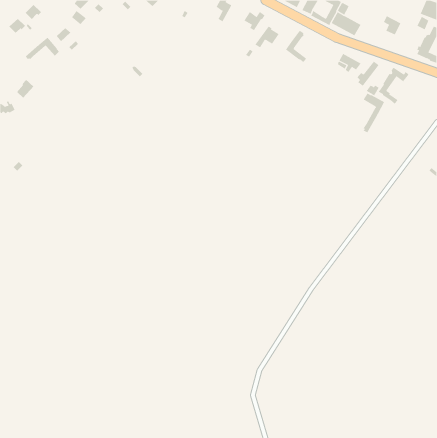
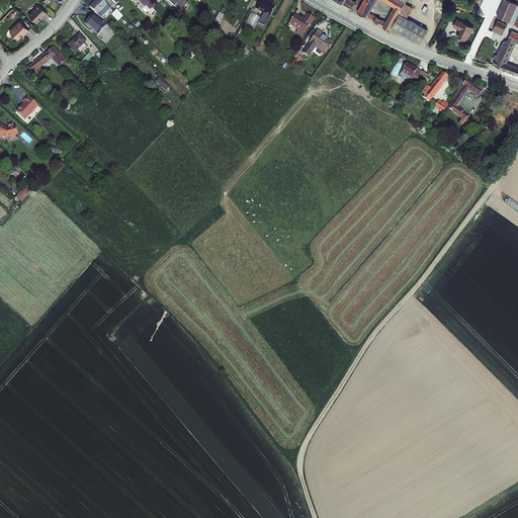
building: [285,30,307,63] -> none
building: [362,93,385,133] -> none

